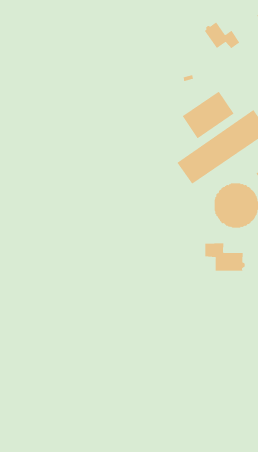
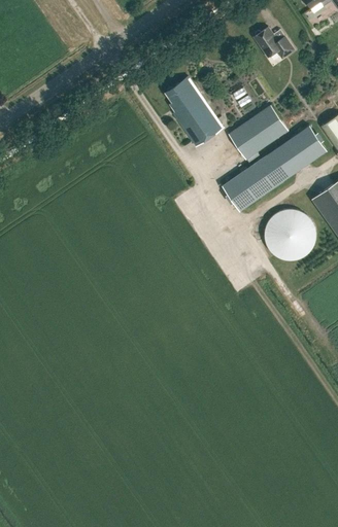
building: none -> [165,77,223,147]
building: [205,243,245,271] -> none

